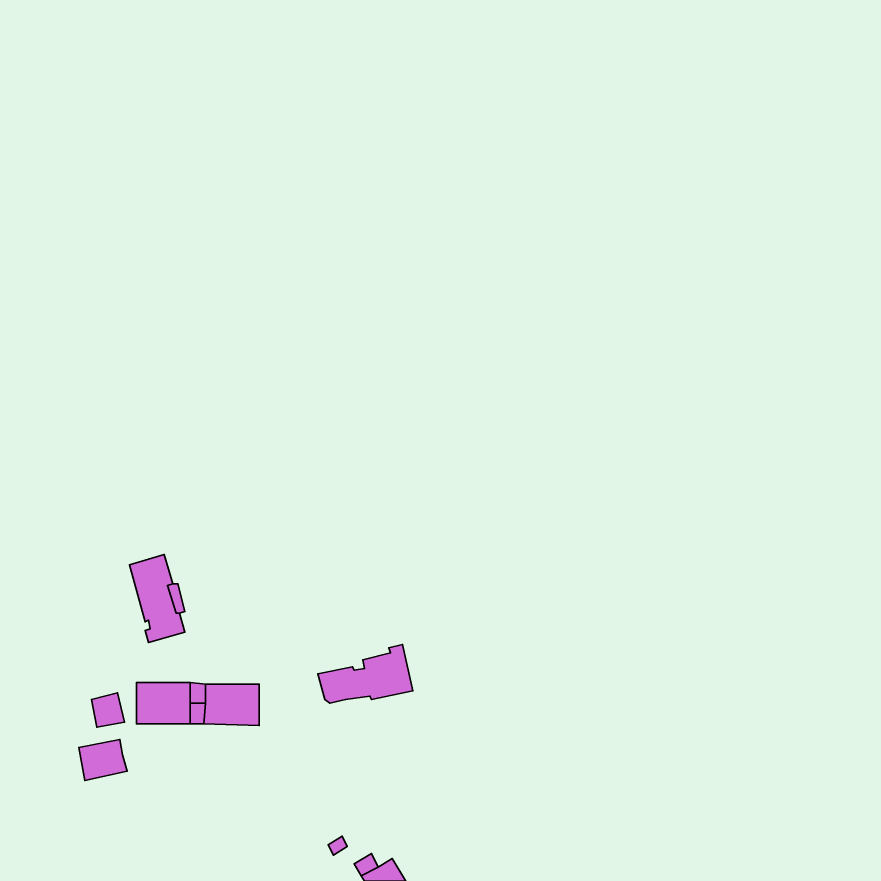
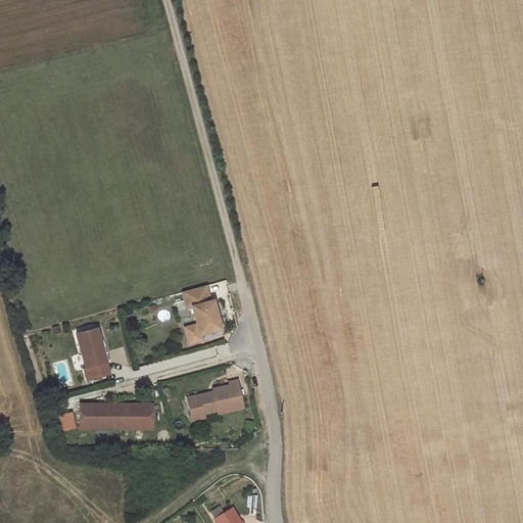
building: none -> [184,286,222,343]
building: [79,740,127,780] -> none

